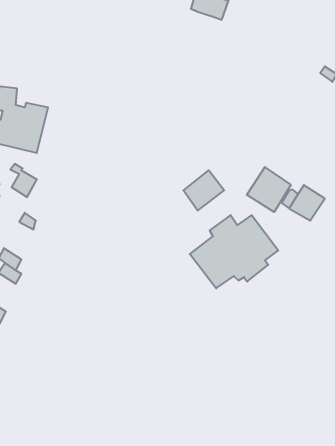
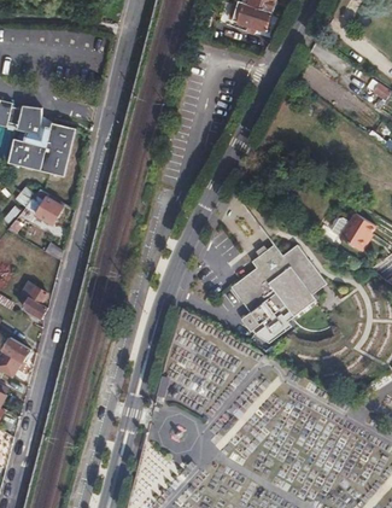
building: [247,167,291,212] -> none
building: [183,170,224,211] -> none

